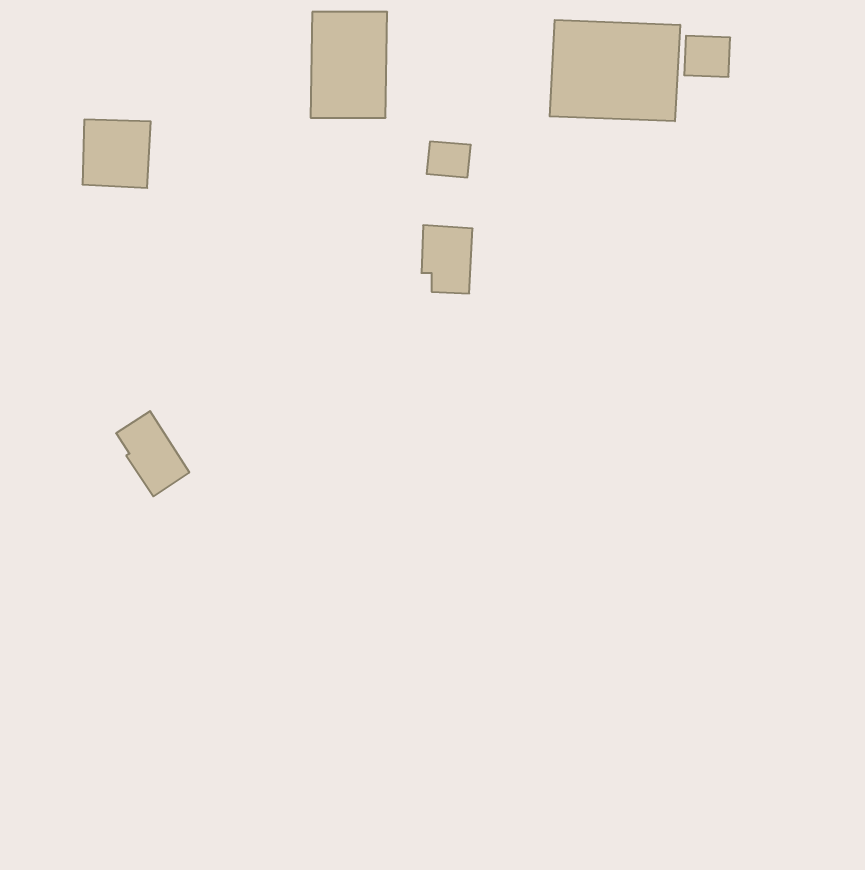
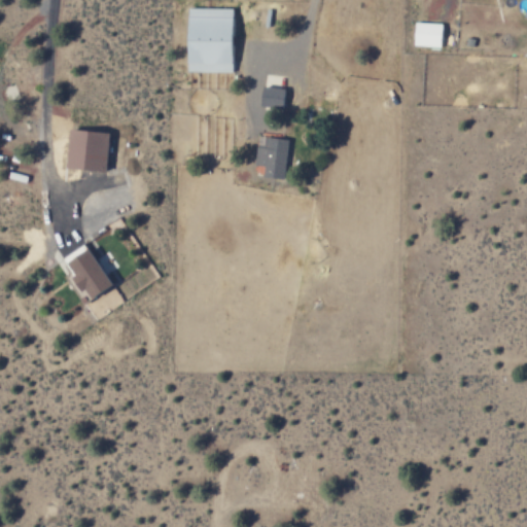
building: [550,20,680,121] -> none
building: [82,120,151,188] -> [68,130,109,171]

